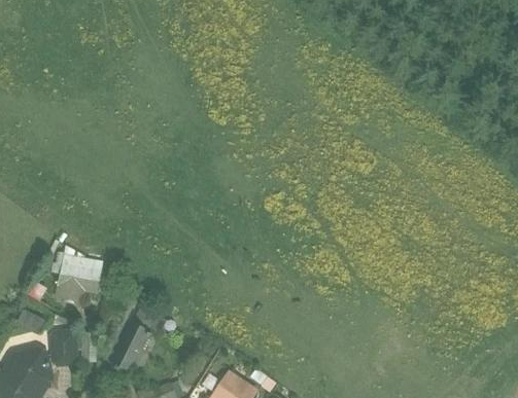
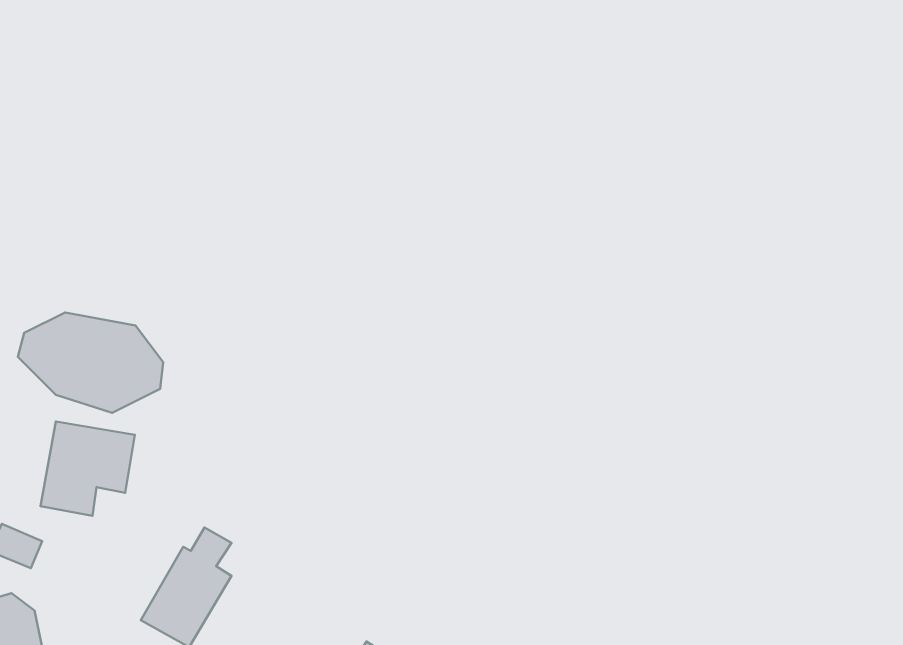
building: none -> [18,313,163,413]
building: [51,328,77,362] -> none

